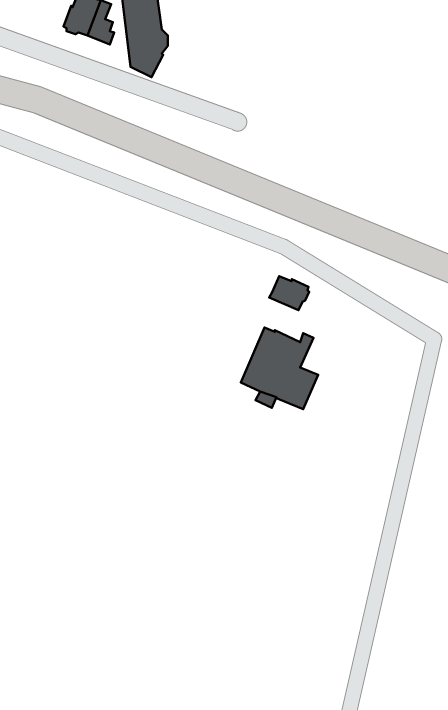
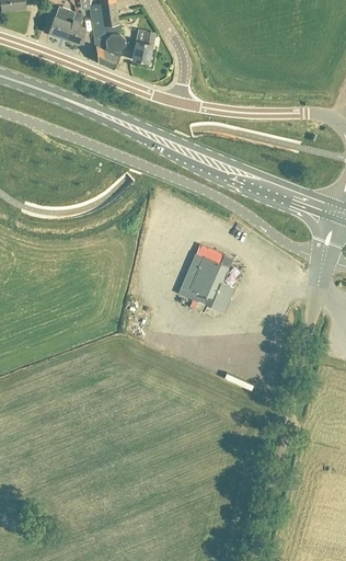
building: none -> [132,30,155,62]
building: [269,276,309,310] -> none

